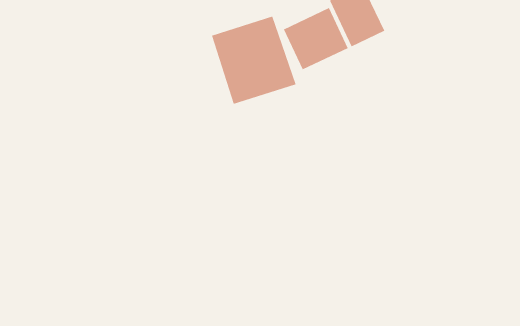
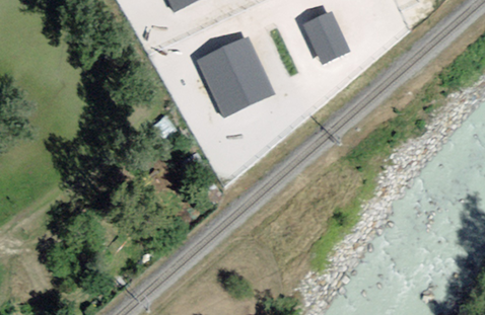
building: [283,7,349,70] -> none

